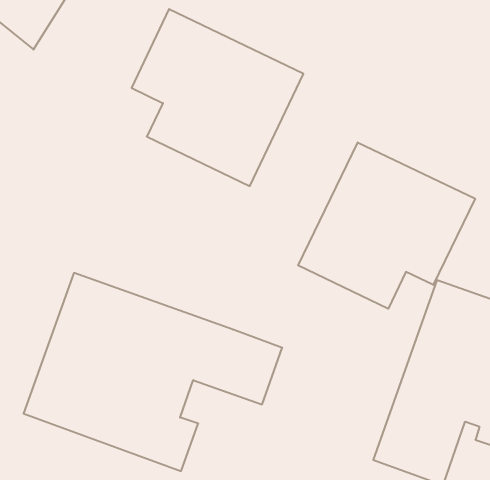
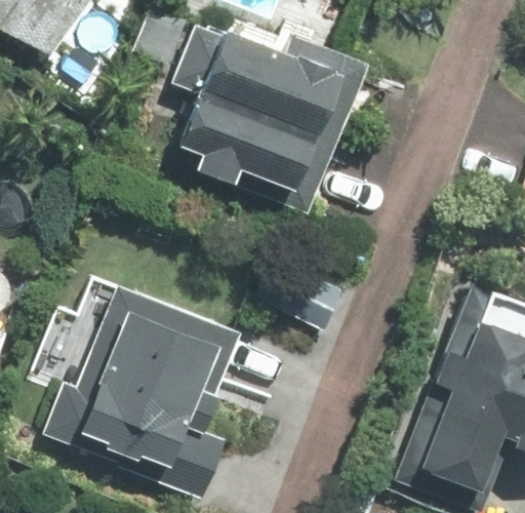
building: [298,142,475,309] -> none

